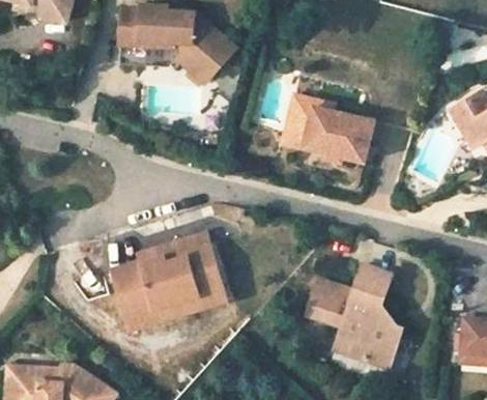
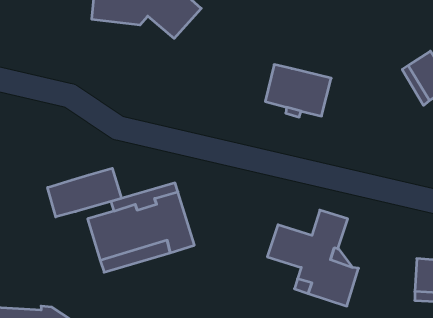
building: [282,94,333,146] -> none
building: none -> [48,168,121,217]

